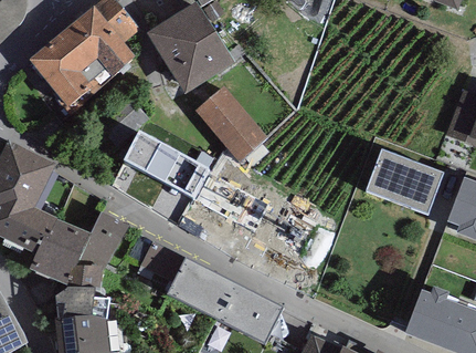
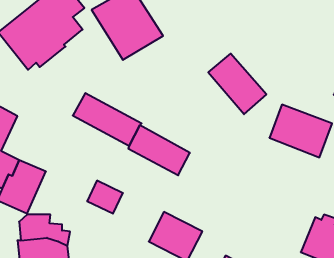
building: [195,87,267,163] -> [208,54,266,114]
building: [66,210,128,284] -> none
building: [167,256,235,318] -> none

